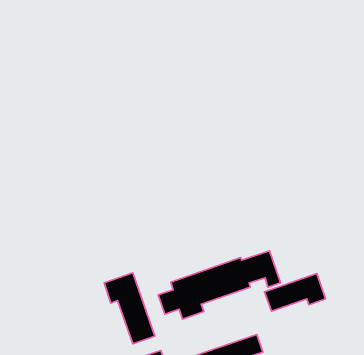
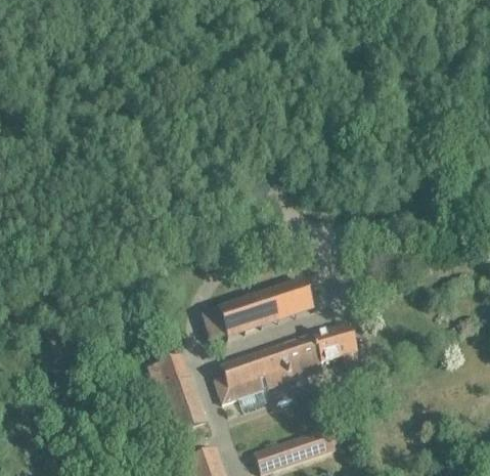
building: none -> [217,276,311,337]
building: [265,274,325,311] -> none

